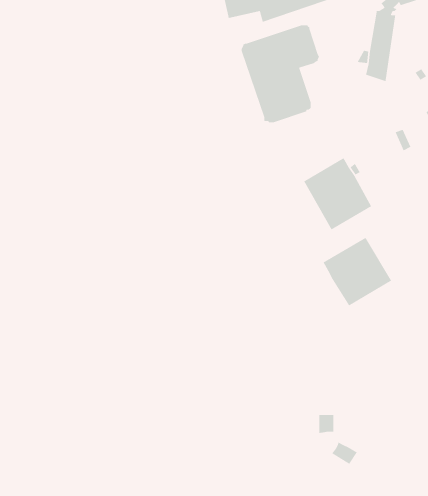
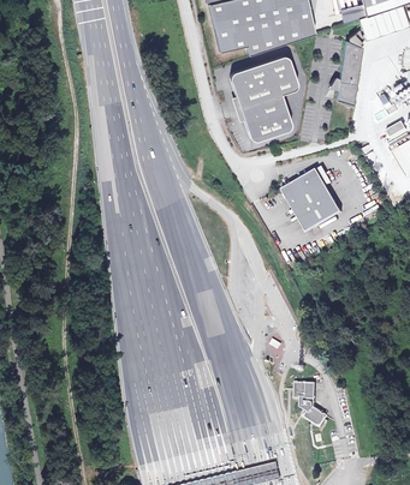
building: [322,237,392,306] -> none

